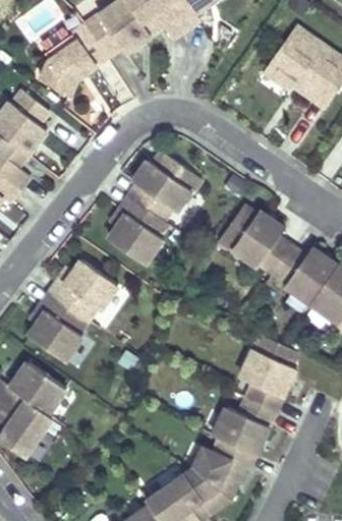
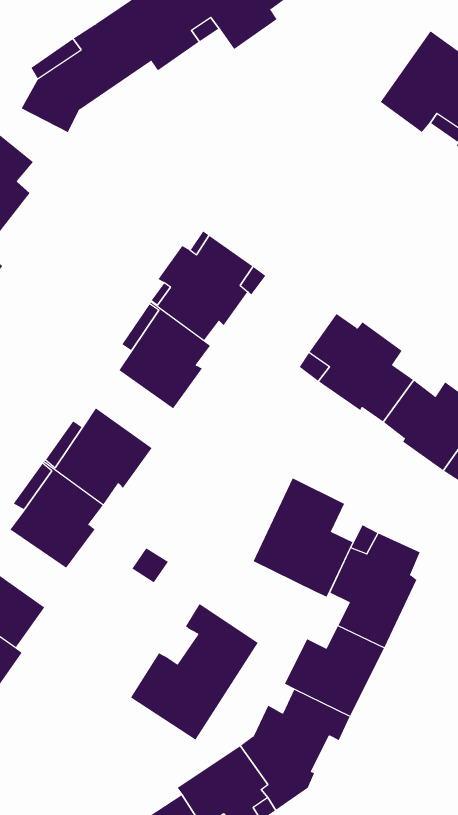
building: none -> [253,478,353,598]
building: none -> [130,603,259,741]

